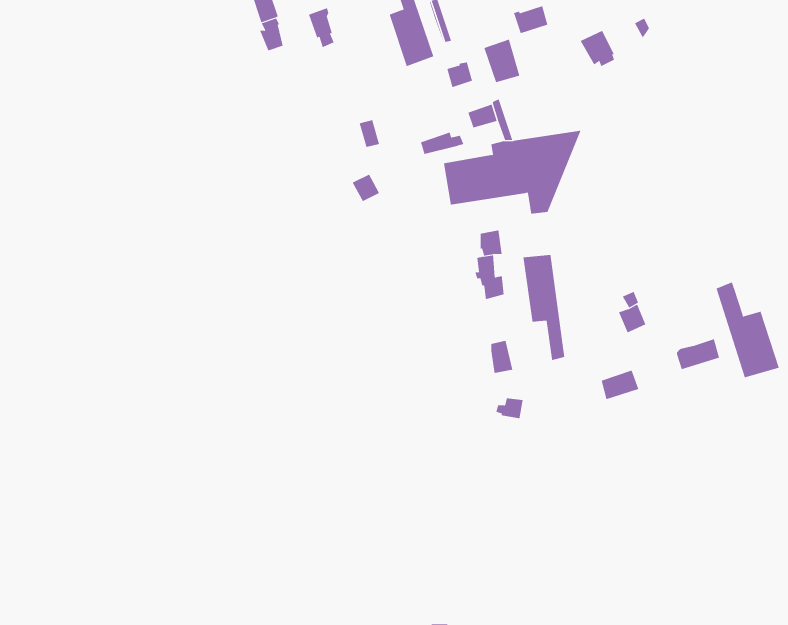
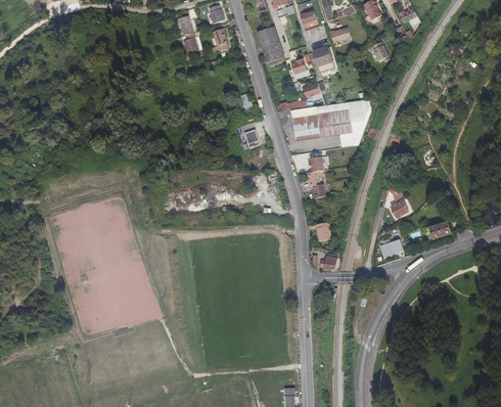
building: [523,254,565,361] -> none
building: [716,282,780,378] -> none

